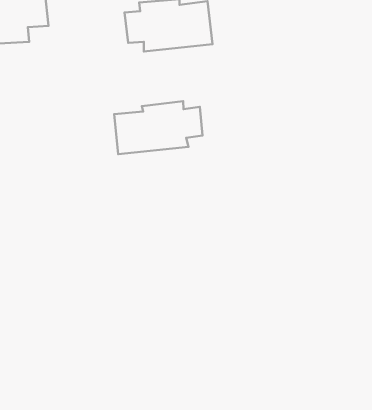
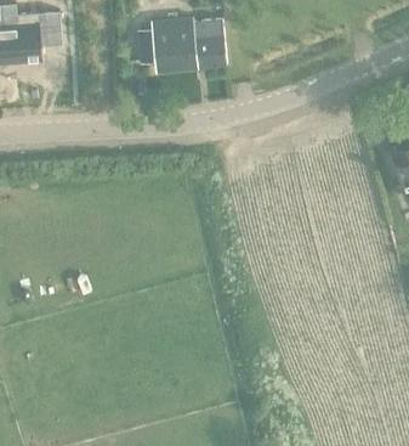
building: [114,101,202,154] -> none

